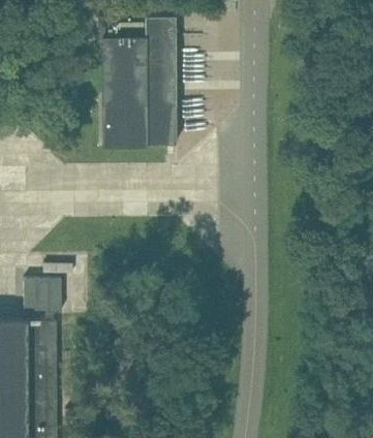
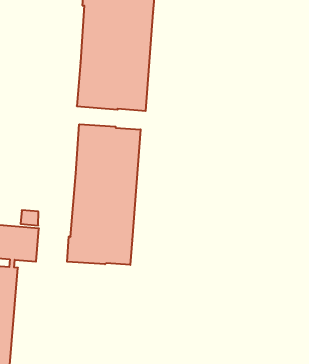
building: none -> [67,124,141,265]

